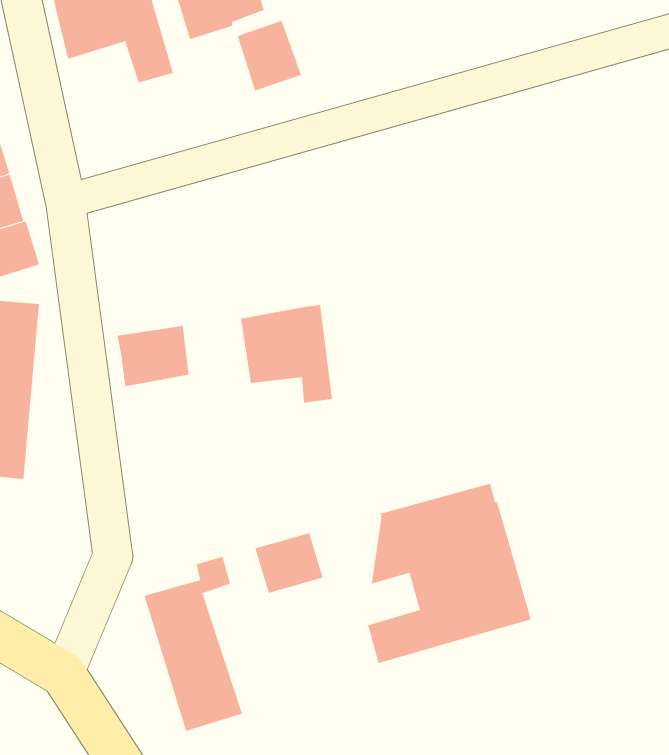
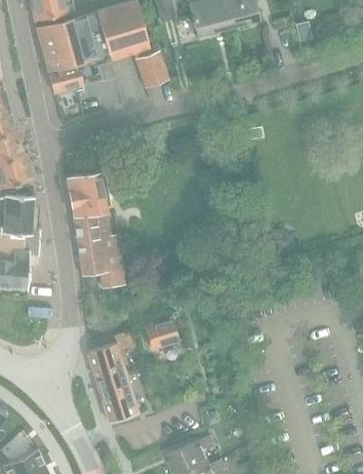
building: none -> [47,63,84,94]
building: none -> [66,171,108,215]
building: [240,305,333,403] -> [77,235,125,286]
building: [368,483,532,664] -> none

